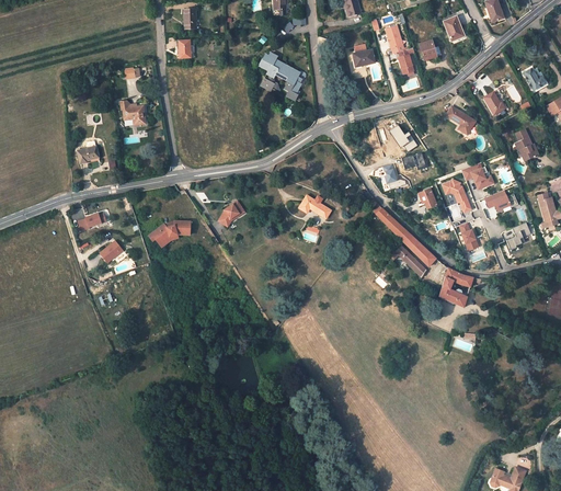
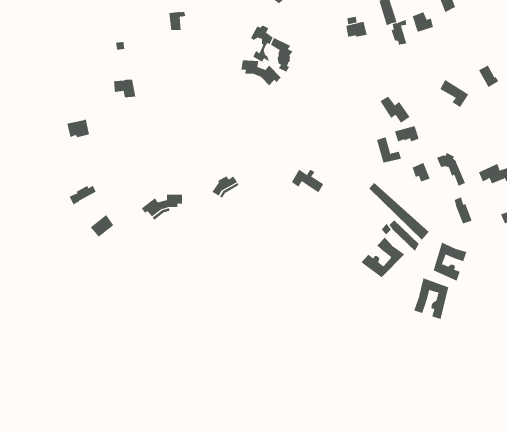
building: none -> [241,60,281,86]
building: [462,163,496,189] -> none
building: none -> [360,237,405,278]
building: none -> [414,277,449,320]

